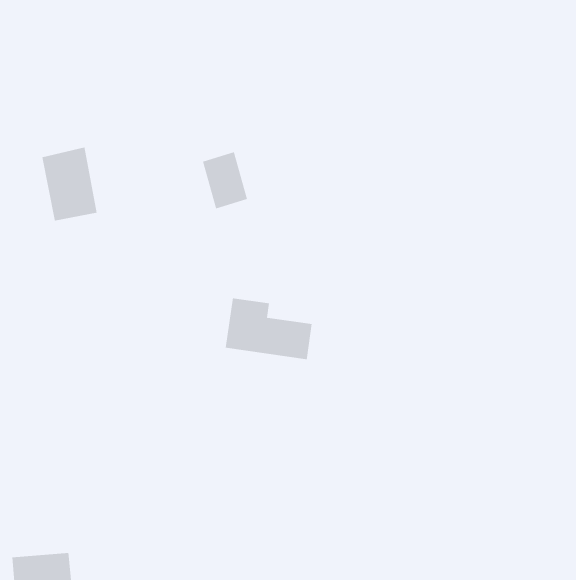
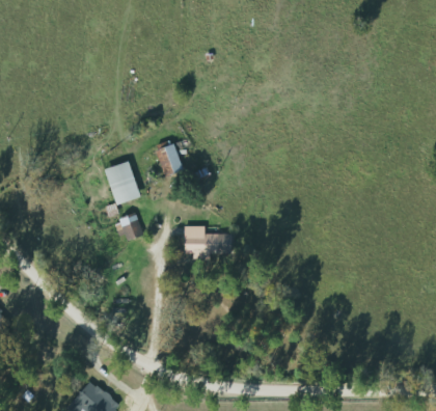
building: [41,147,98,221] -> [104,161,140,205]
building: none -> [119,214,144,242]

